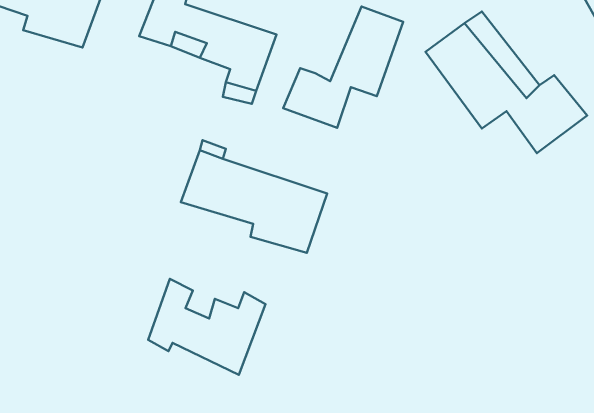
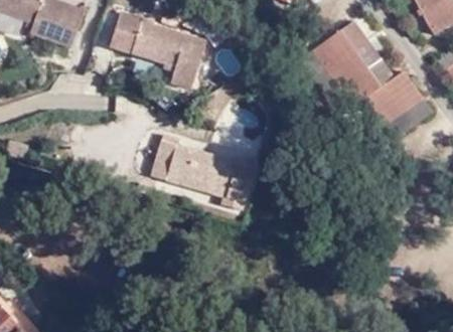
building: [283,7,403,128] -> none
building: [148,279,265,375] -> none

